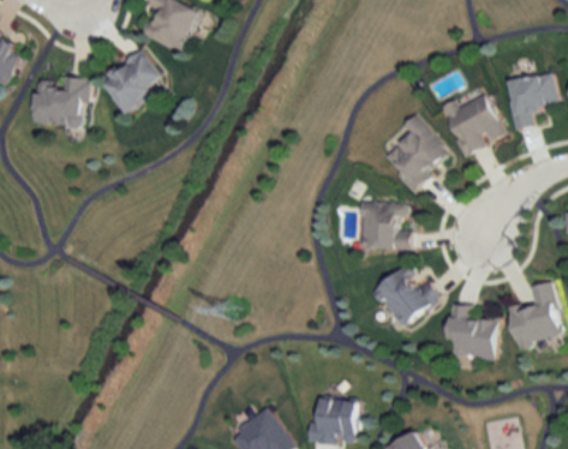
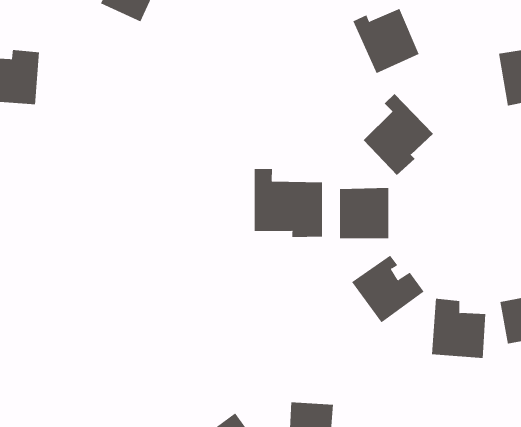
building: [100,49,160,113] -> none
building: [441,94,502,154] -> [352,8,419,74]
building: none -> [254,168,323,238]

